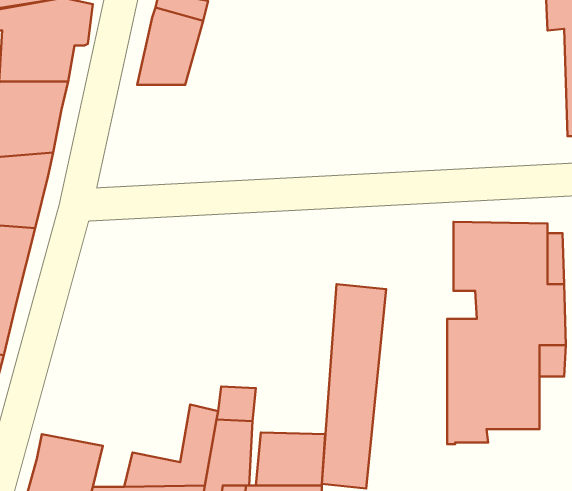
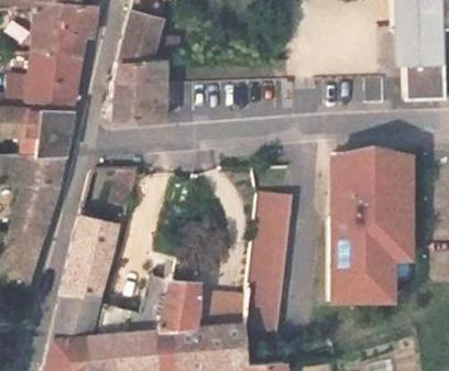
building: none -> [118,59,172,120]
building: none -> [62,216,123,302]

